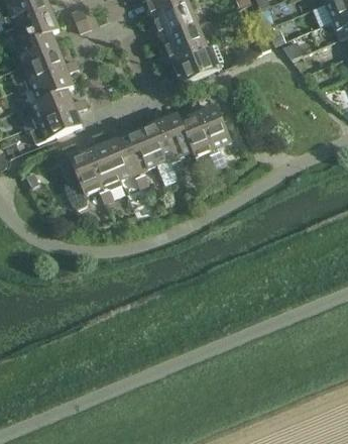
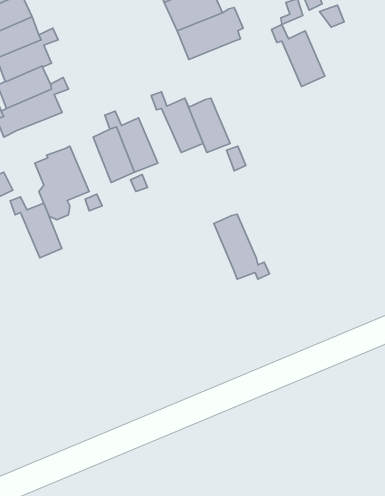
building: [190,100,231,148] -> [272,24,325,87]
building: [141,121,185,172] -> [214,214,269,279]
building: [80,138,120,186] -> [10,197,62,258]

